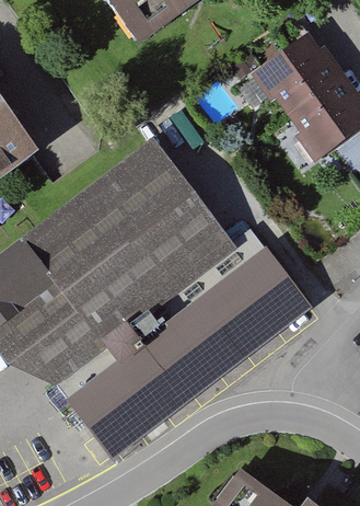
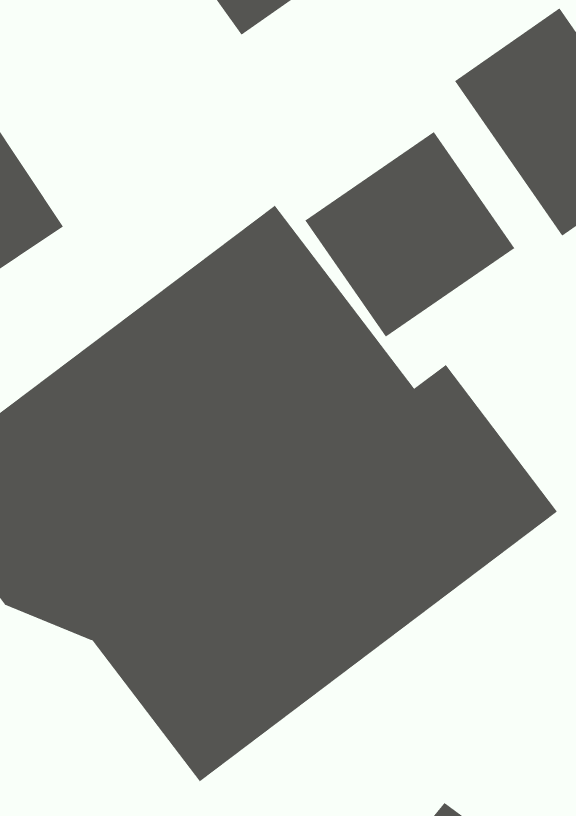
building: none -> [305,131,515,338]

